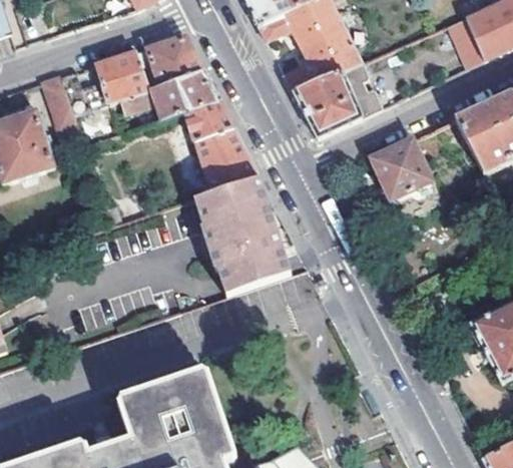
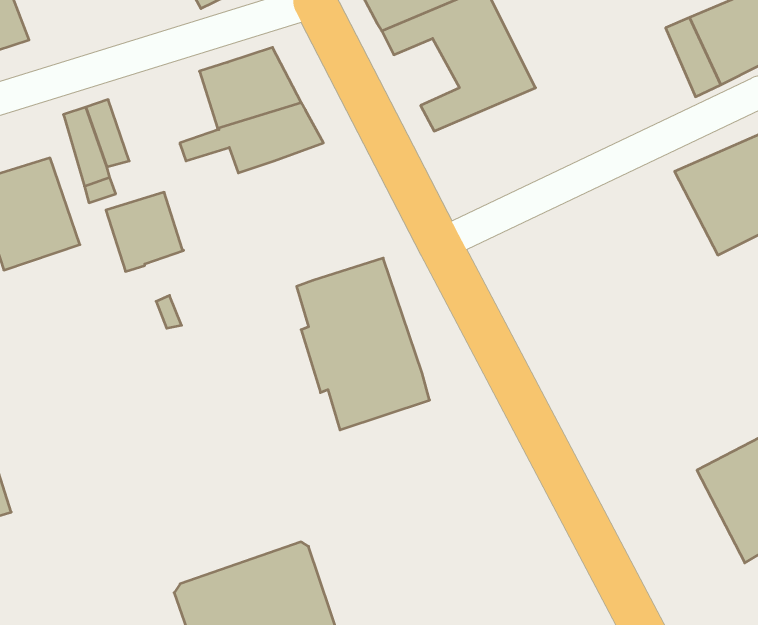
building: [95,51,147,104] -> [106,192,184,271]
building: [292,62,382,138] -> none
building: [184,99,258,191] -> none
building: [370,138,429,198] -> none

